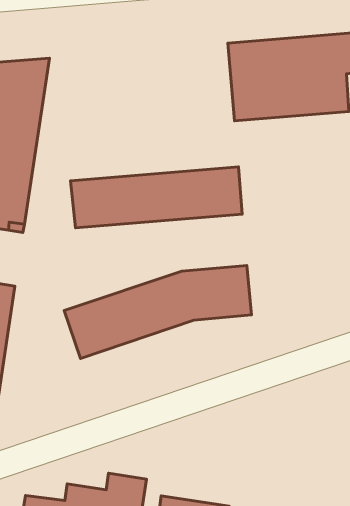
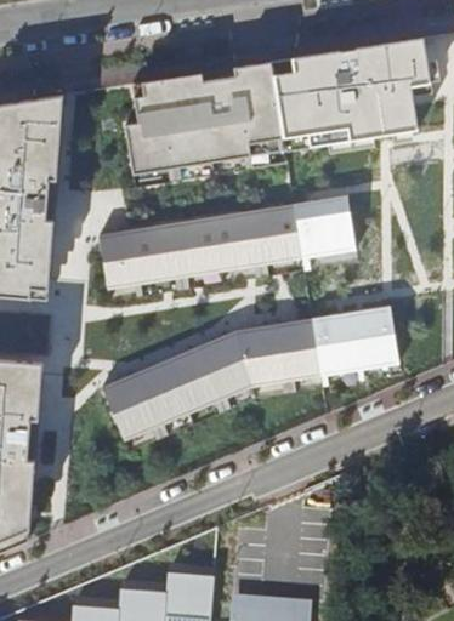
building: none -> [125,61,286,173]
building: none -> [293,195,354,258]
building: none -> [311,304,398,375]

